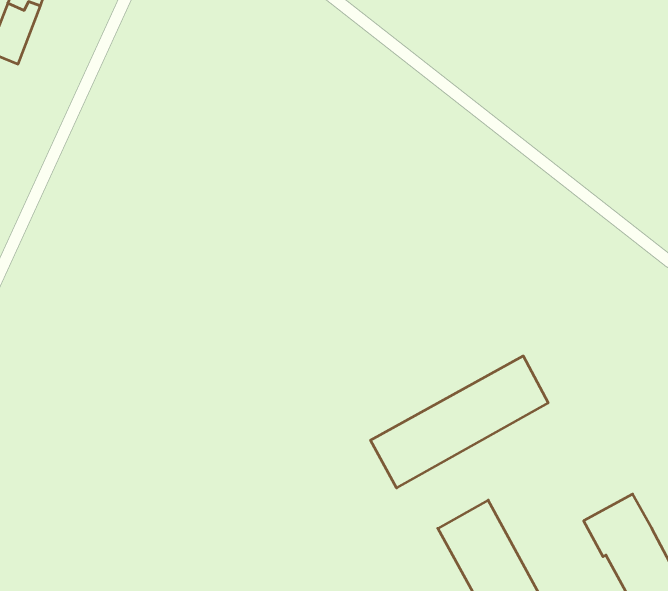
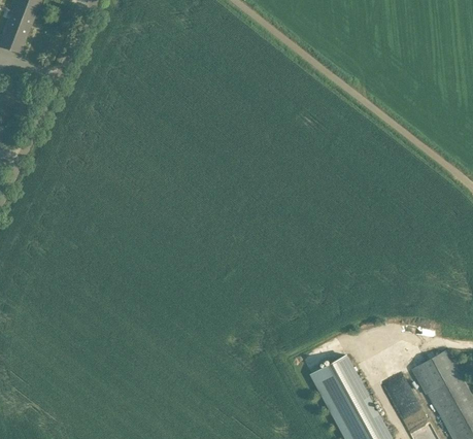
building: [371,356,548,488] -> none

